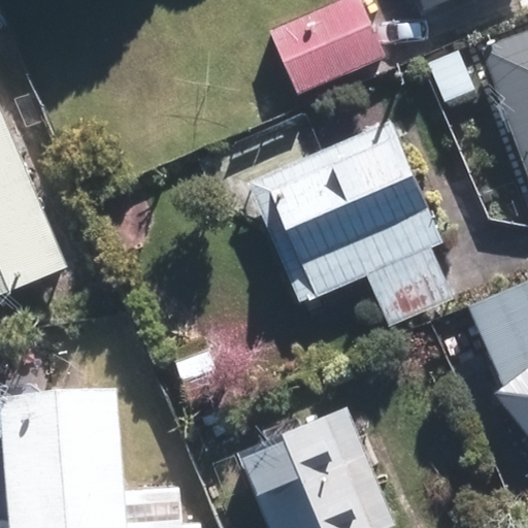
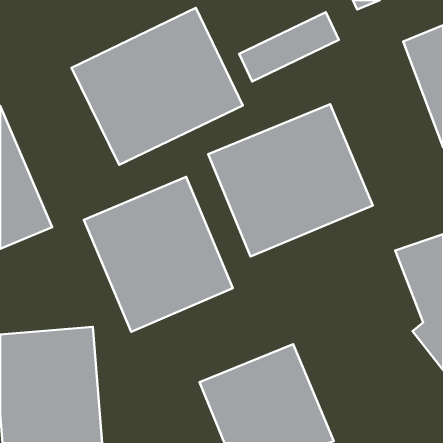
building: none -> [71,8,243,165]
building: none -> [84,177,233,332]

